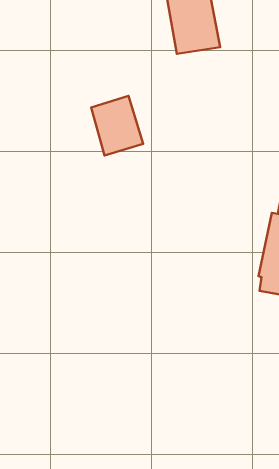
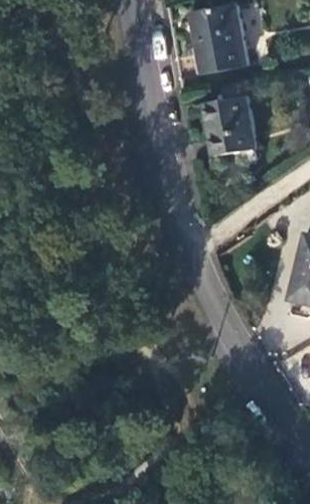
building: [91,96,143,156] -> [208,92,263,154]

